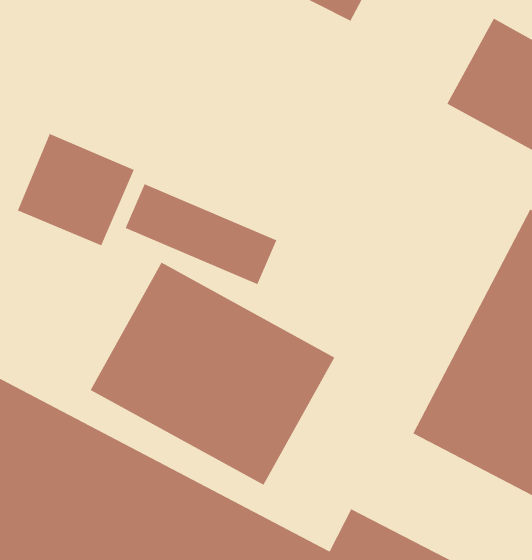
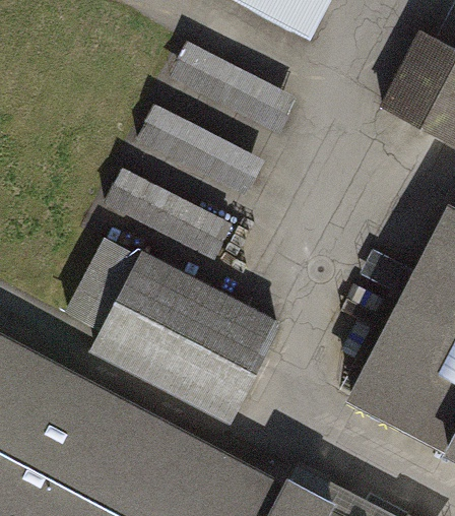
building: none -> [172,49,304,137]
building: none -> [143,117,270,194]
building: [17,133,135,246] -> none

